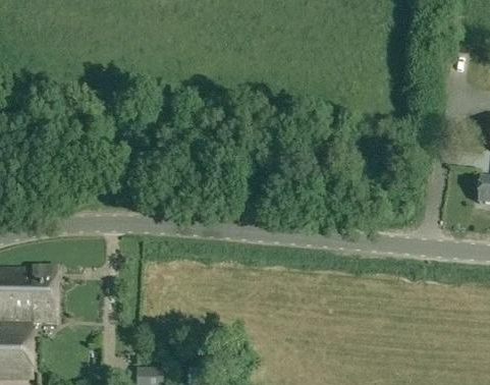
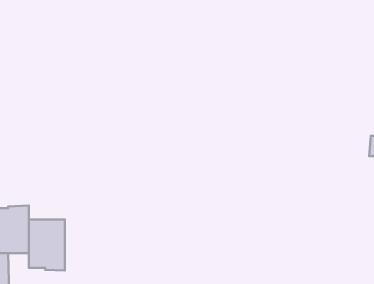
building: none -> [29,220,65,271]

